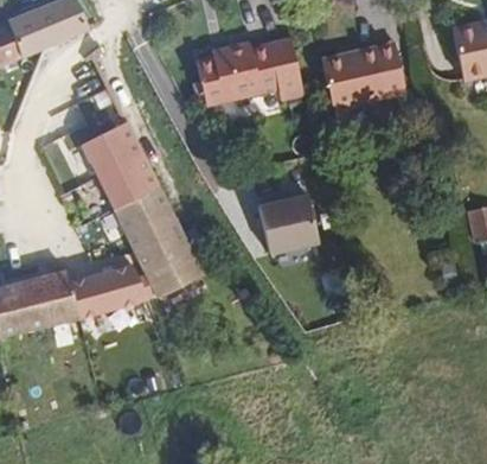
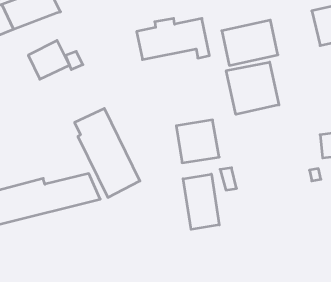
building: none -> [226,62,279,114]
building: [94,134,153,190] -> [28,40,70,79]
building: none -> [183,174,219,229]

